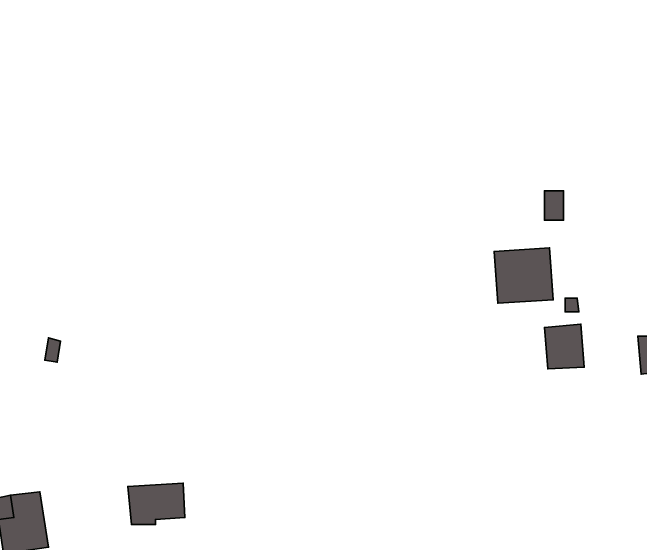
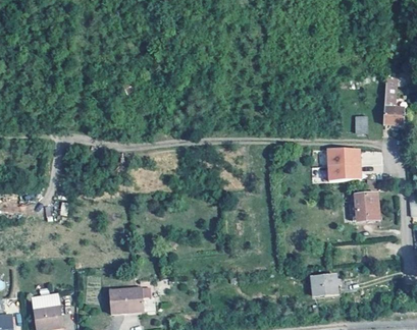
building: none -> [382,69,411,124]
building: none -> [311,275,336,296]

